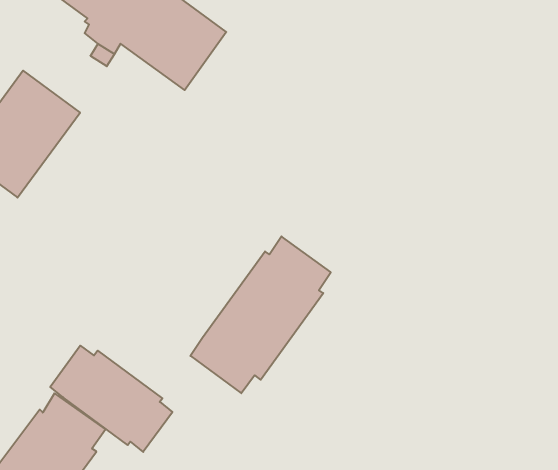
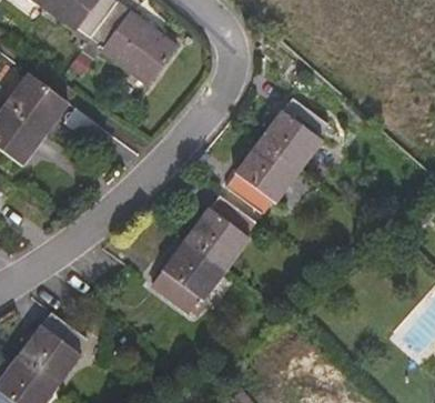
building: none -> [224,98,328,214]
building: [50,346,172,452] -> none

